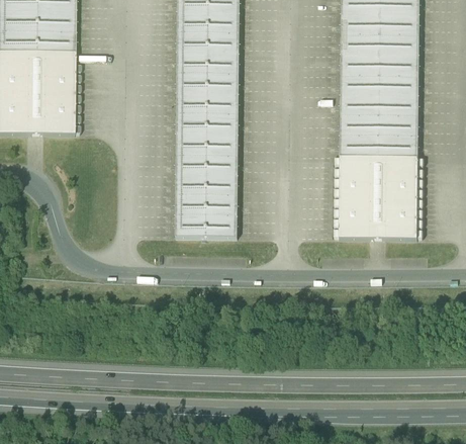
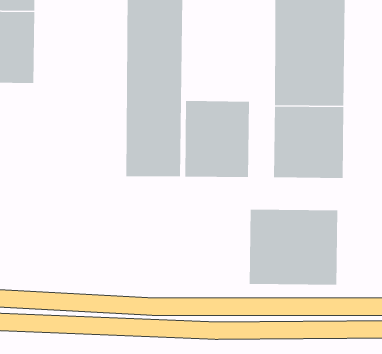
building: none -> [184,100,250,178]
building: none -> [249,209,338,286]

